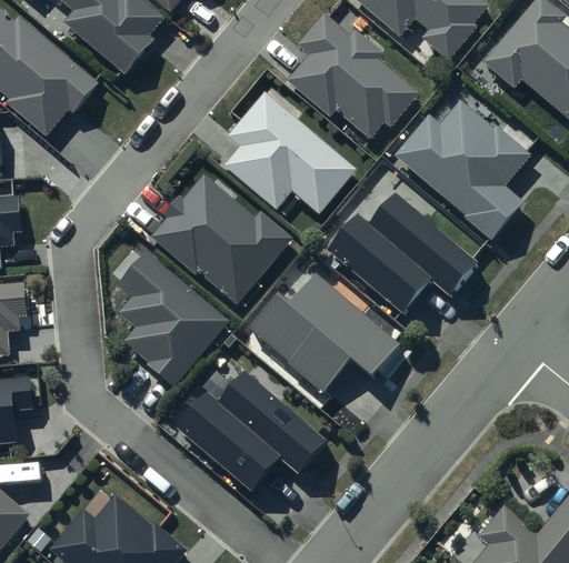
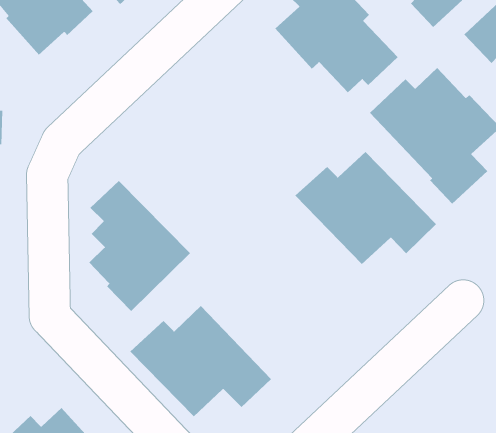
building: [222,91,357,214] -> none
building: [151,175,291,302] -> none
building: [249,272,401,392] -> none

